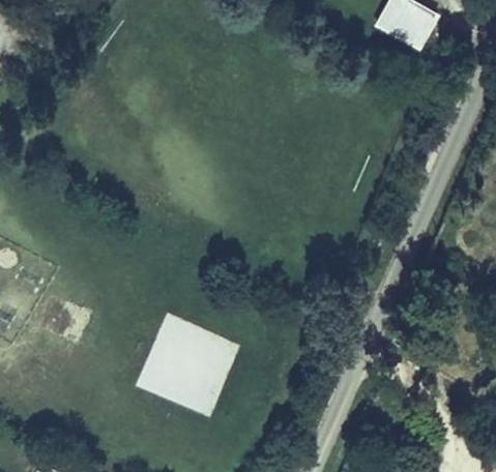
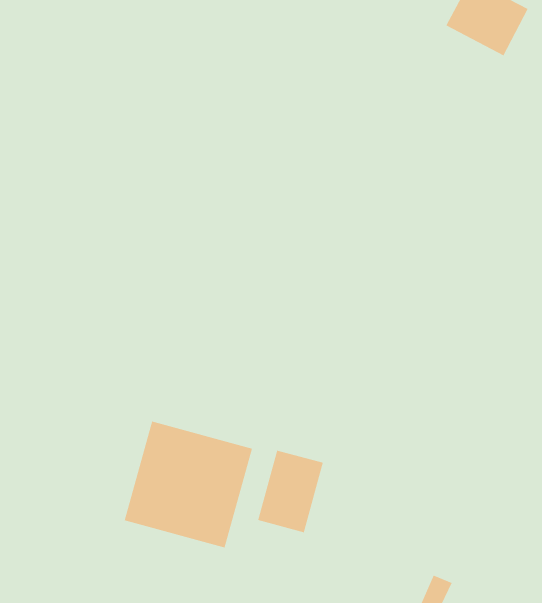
building: none -> [258,450,324,533]

